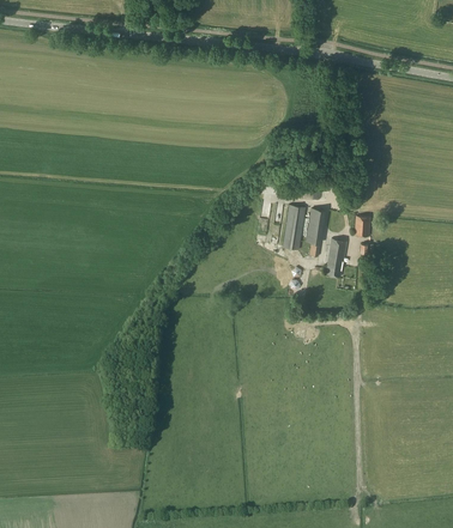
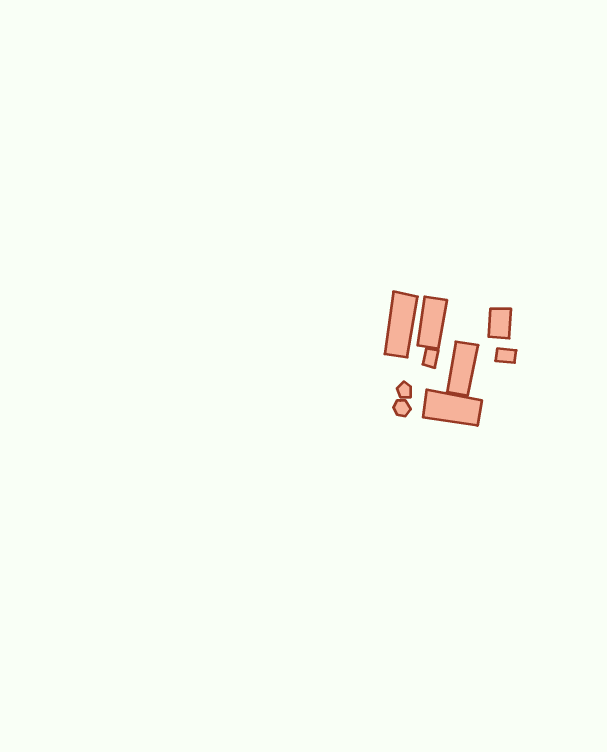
building: none -> [423,390,482,426]

